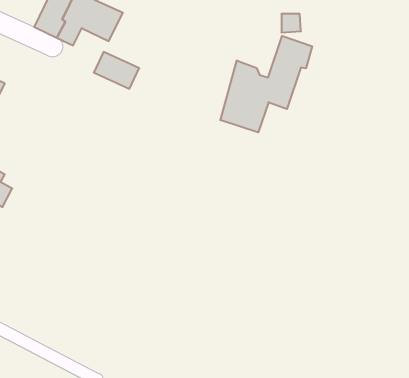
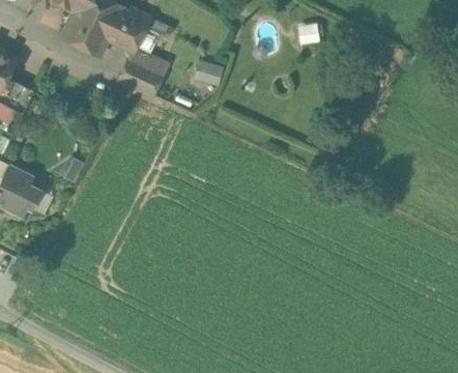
building: [220,36,312,132] -> none
building: none -> [192,58,223,85]

